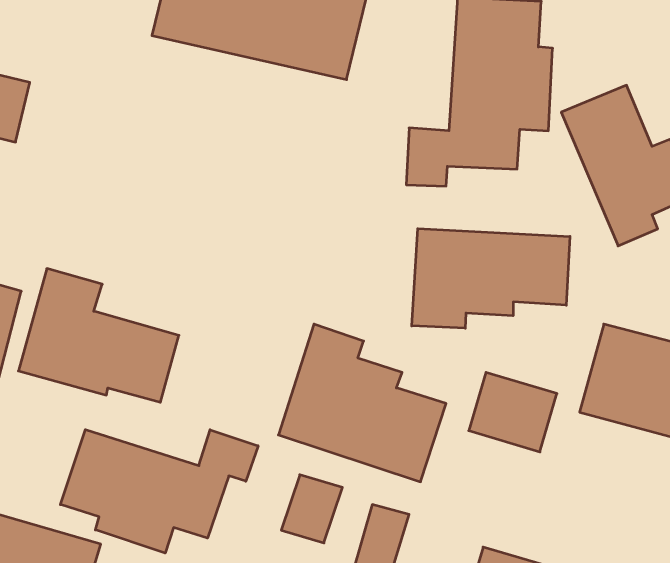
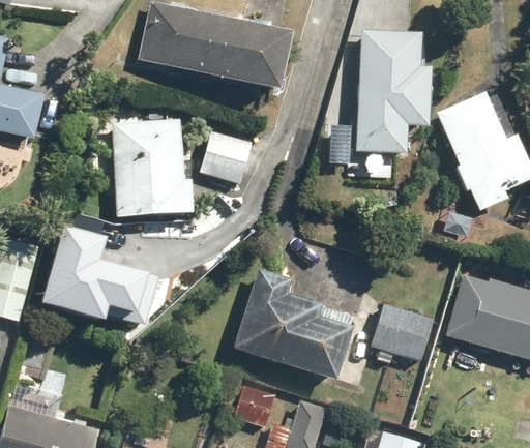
building: none -> [115,120,194,218]
building: none -> [200,129,253,185]
building: [412,229,570,328] -> none
building: [60,430,258,553] -> none

